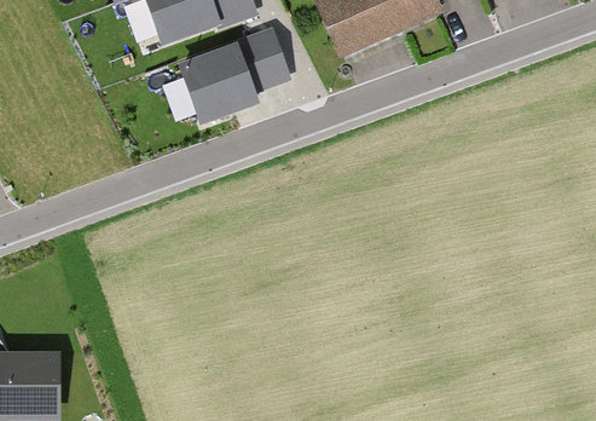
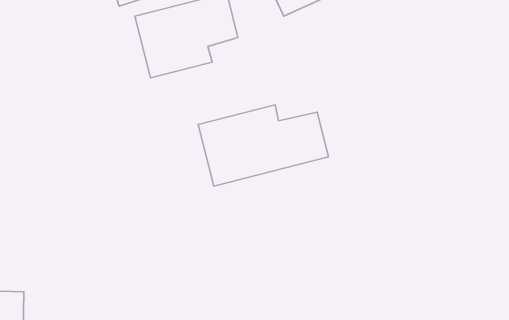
building: none -> [198,105,329,186]

